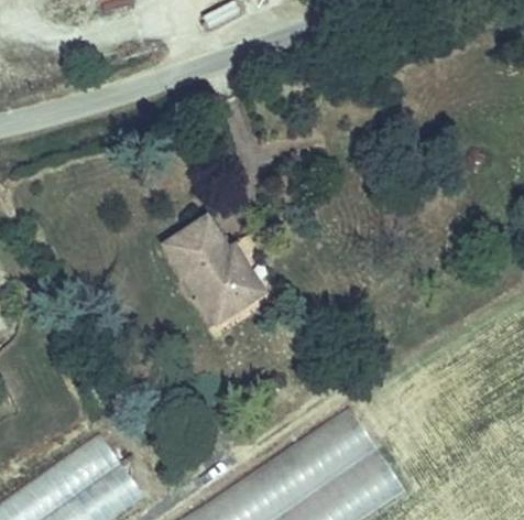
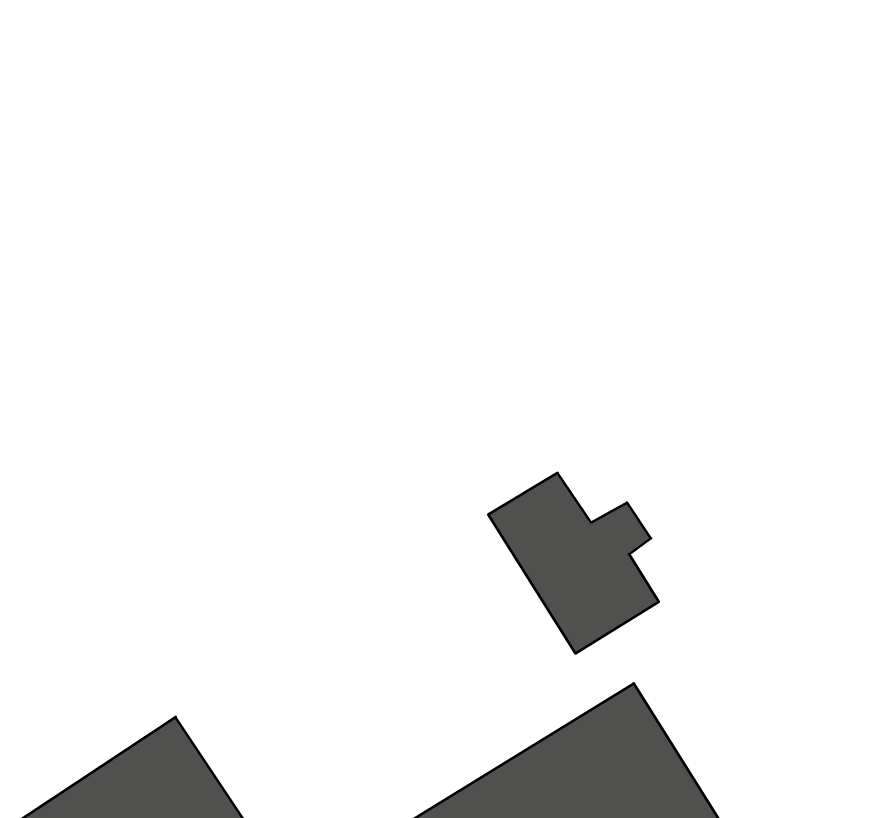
building: [168,221,263,322] -> [488,473,659,653]

